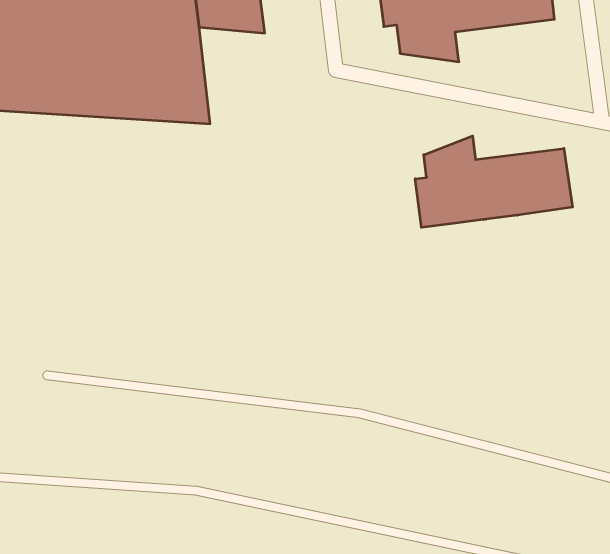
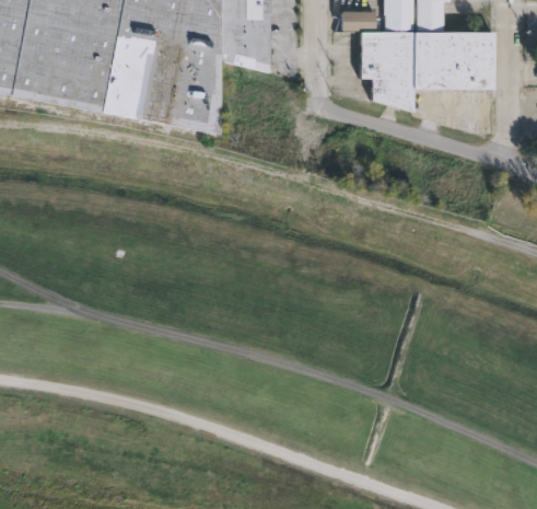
building: [415,136,573,227] -> none

